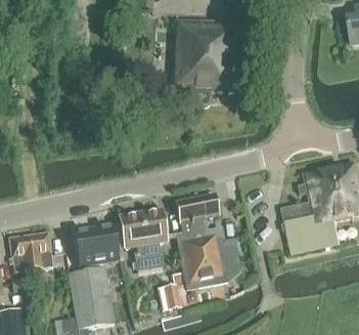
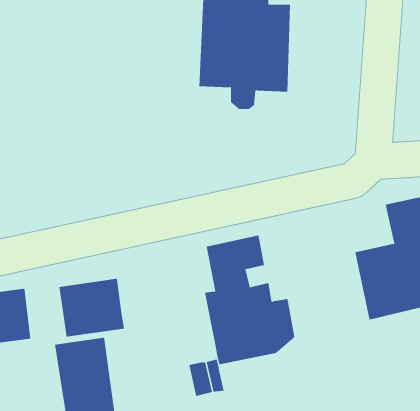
building: [114,209,167,270] -> none

